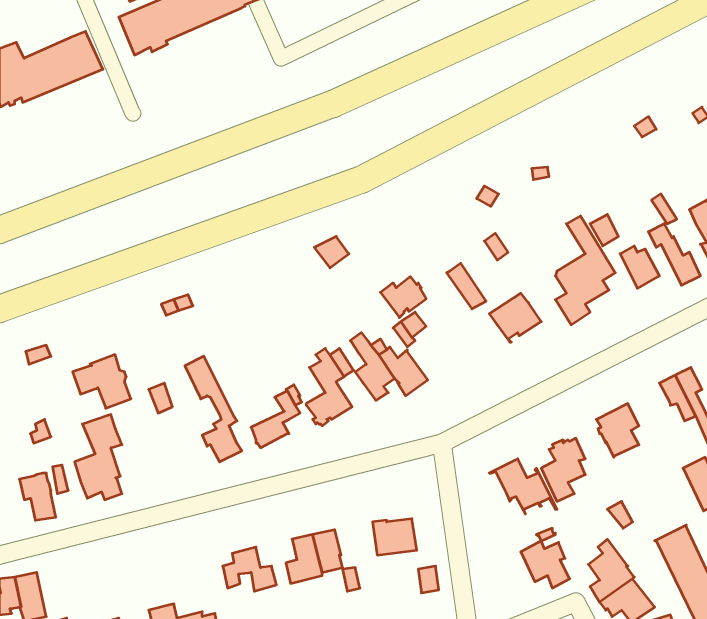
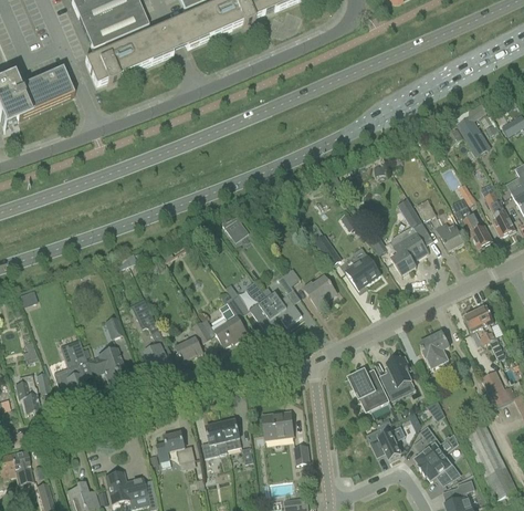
building: none -> [455,115,490,156]
building: [380,277,426,318] -> [303,277,335,305]
building: [73,355,131,408] -> [86,347,127,385]

